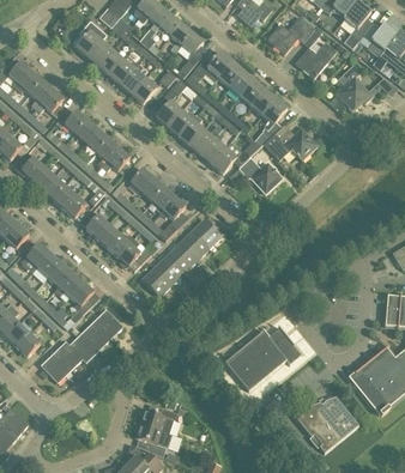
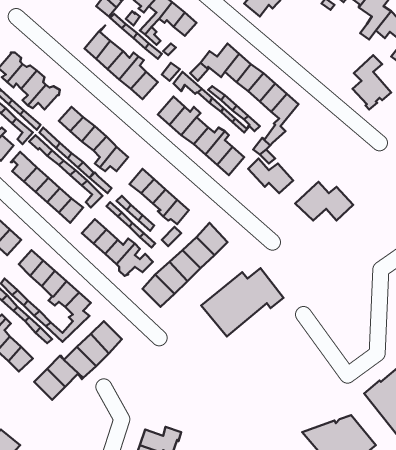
building: [266,16,314,53] -> none
building: [73,19,107,55] -> none
building: [176,31,205,77] -> none
building: [295,41,336,78] -> none
building: [262,122,316,158] -> [295,182,353,220]
building: [224,326,301,389] -> [201,268,284,337]

